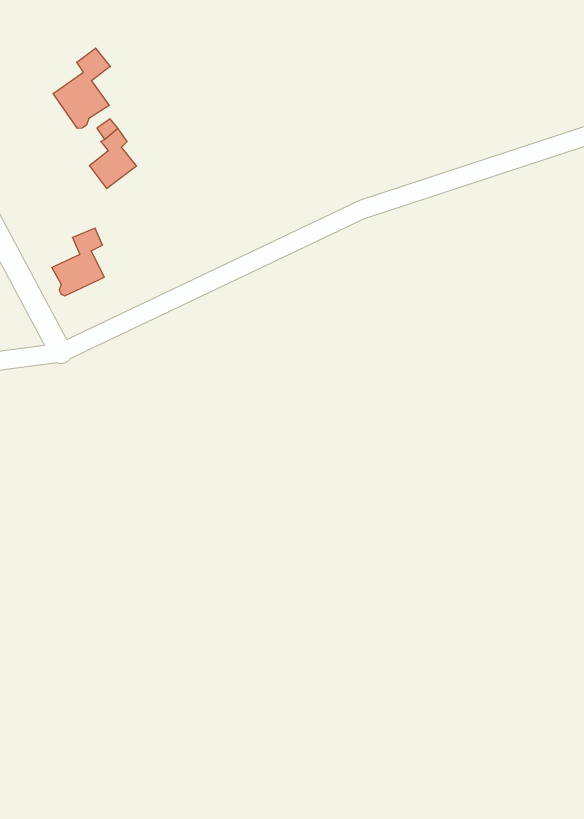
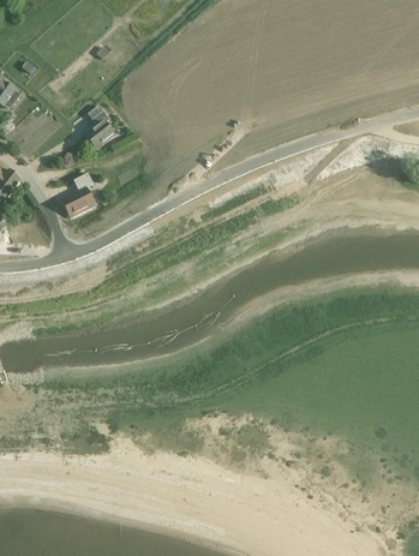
building: [53,48,110,128] -> none

